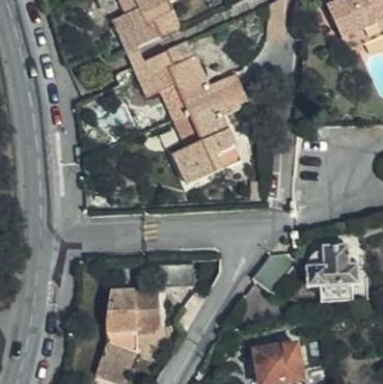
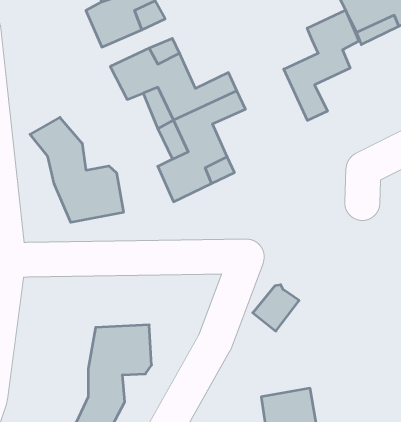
building: none -> [284,10,359,120]
building: none -> [30,117,123,222]
building: [309,242,360,283] -> none

